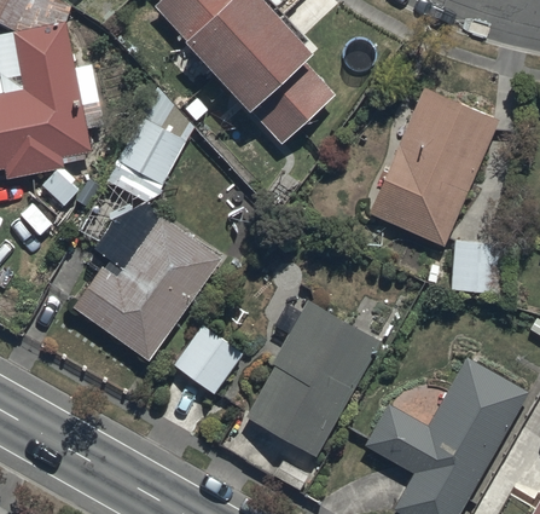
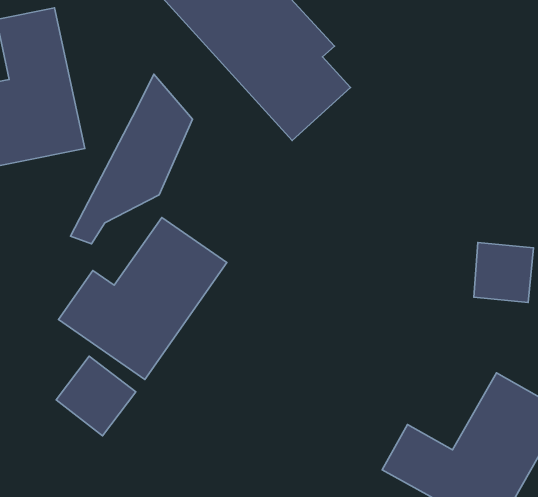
building: [368,87,499,244] -> none
building: [246,300,384,460] -> none
building: [173,324,245,397] -> [56,356,136,436]

